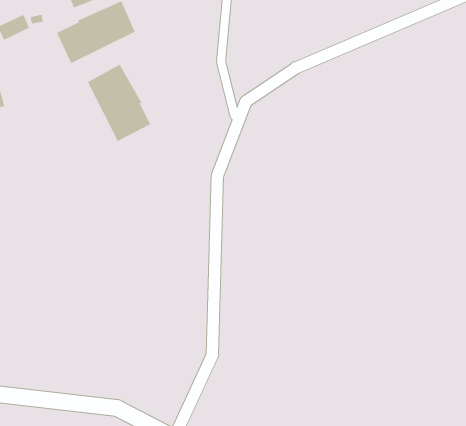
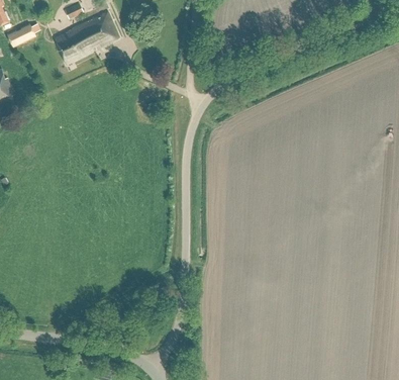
building: [87,64,151,142] -> none

